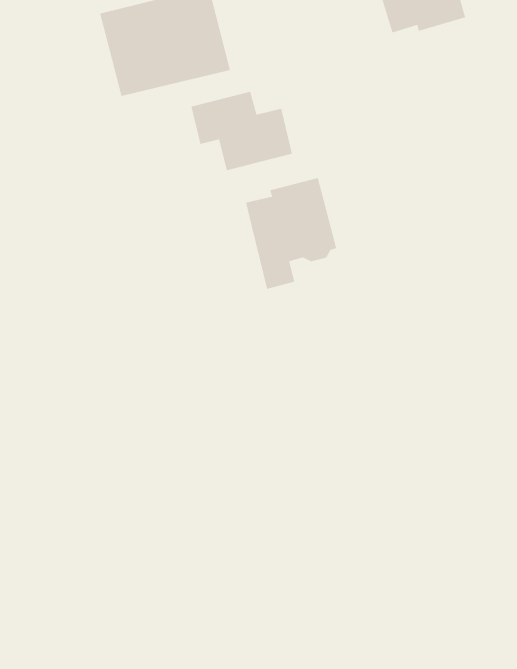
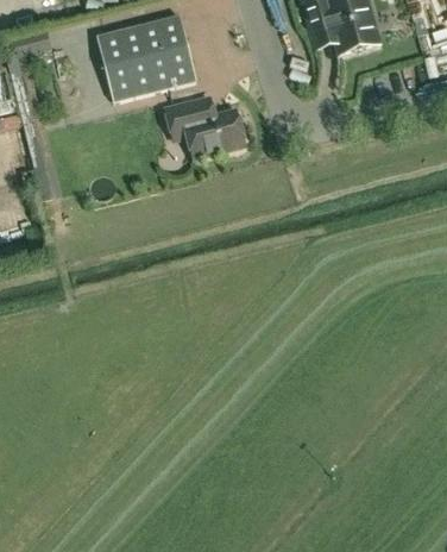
building: [245,177,337,290] -> none

